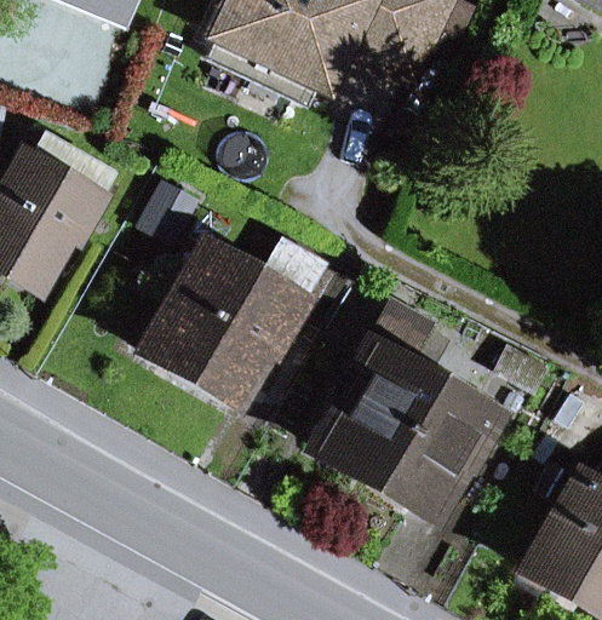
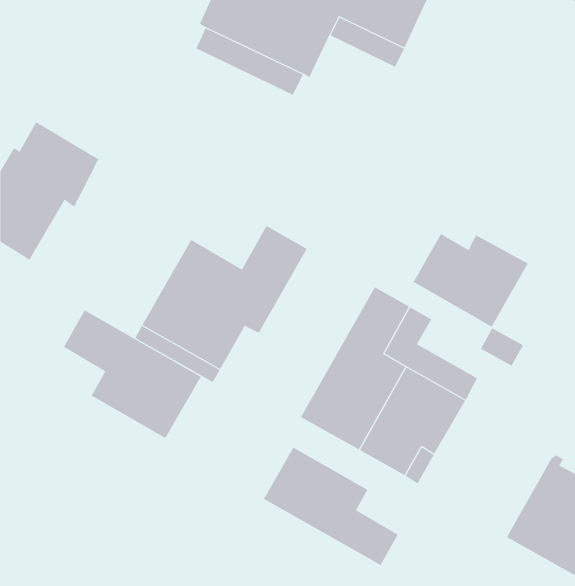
building: none -> [413,233,528,328]
building: none -> [63,310,201,439]
building: none -> [263,447,399,566]

